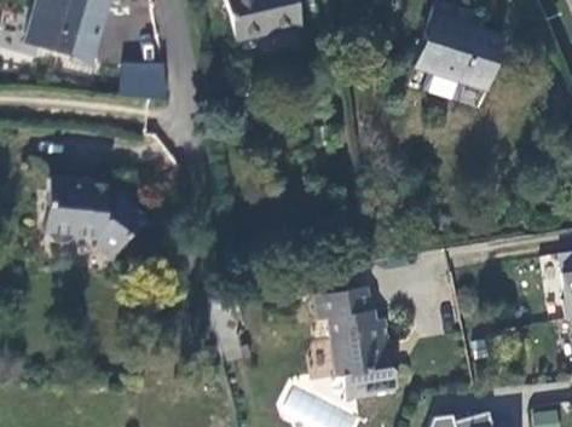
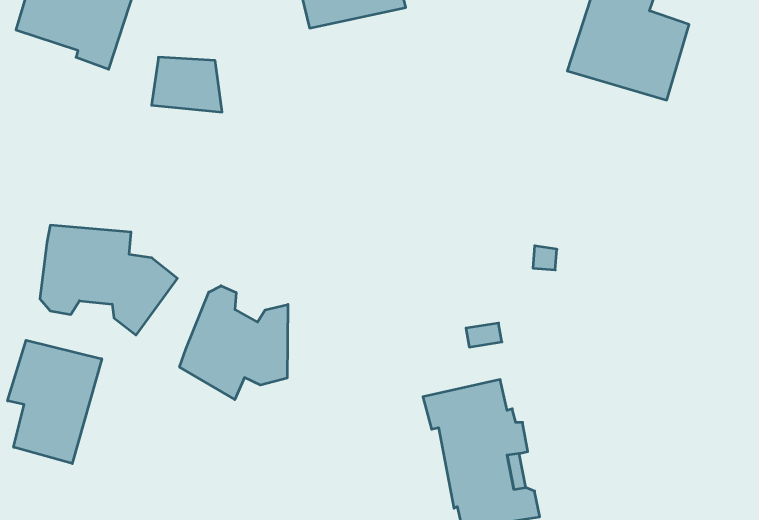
building: none -> [180,286,288,400]
building: none -> [8,340,102,464]

